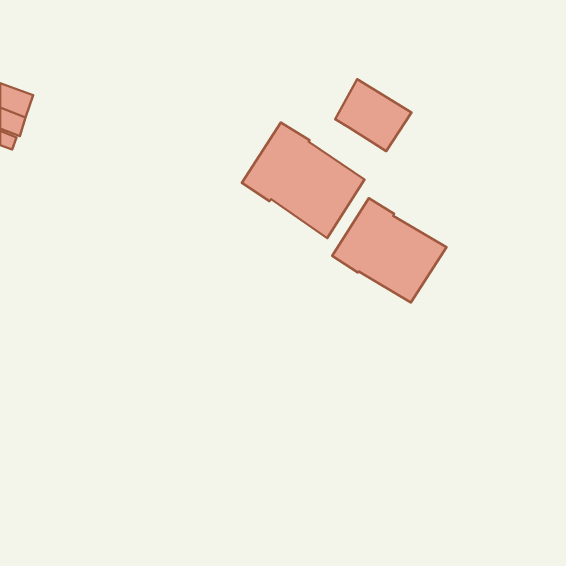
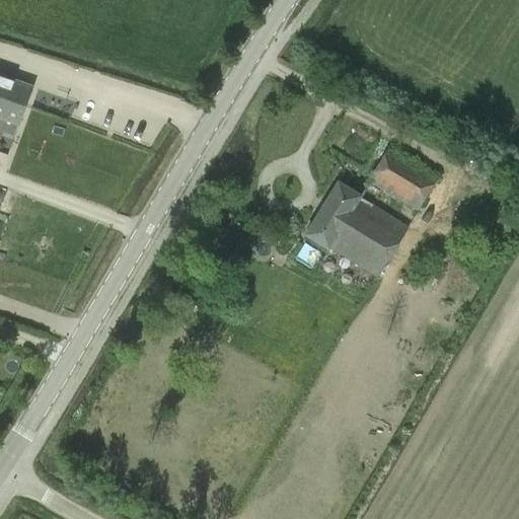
building: [335,79,411,151] -> [369,146,439,212]
building: [242,122,364,238] -> none

